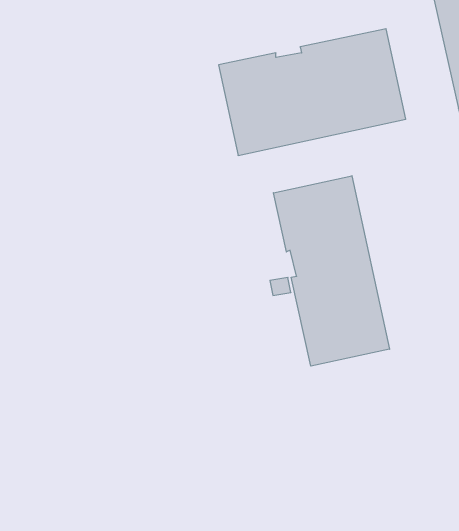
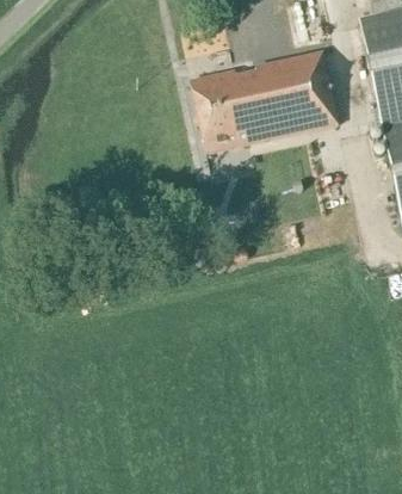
building: [273,176,390,366] -> none

